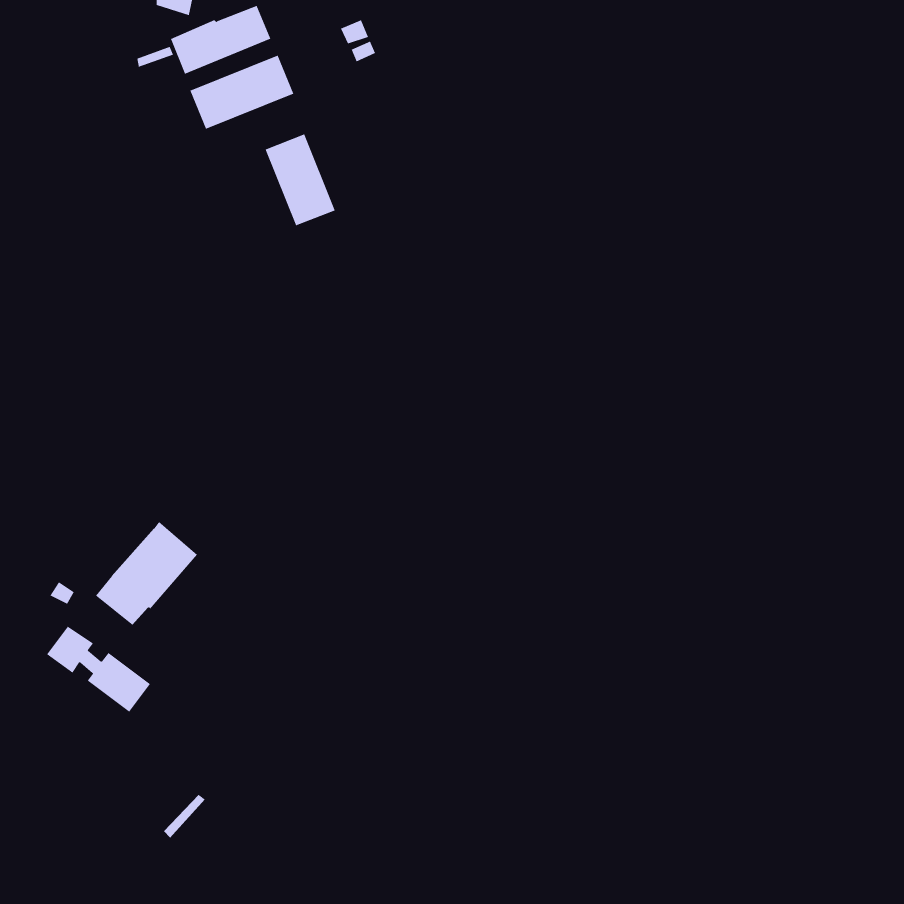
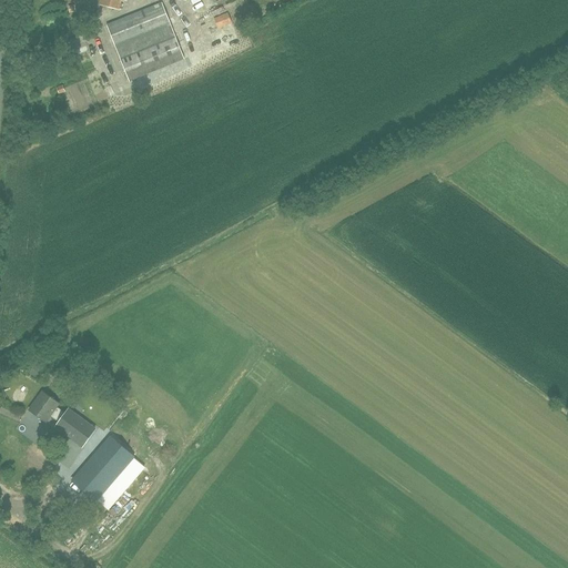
building: [265,134,335,226] -> none
building: [95,521,198,626] -> [72,433,136,498]

